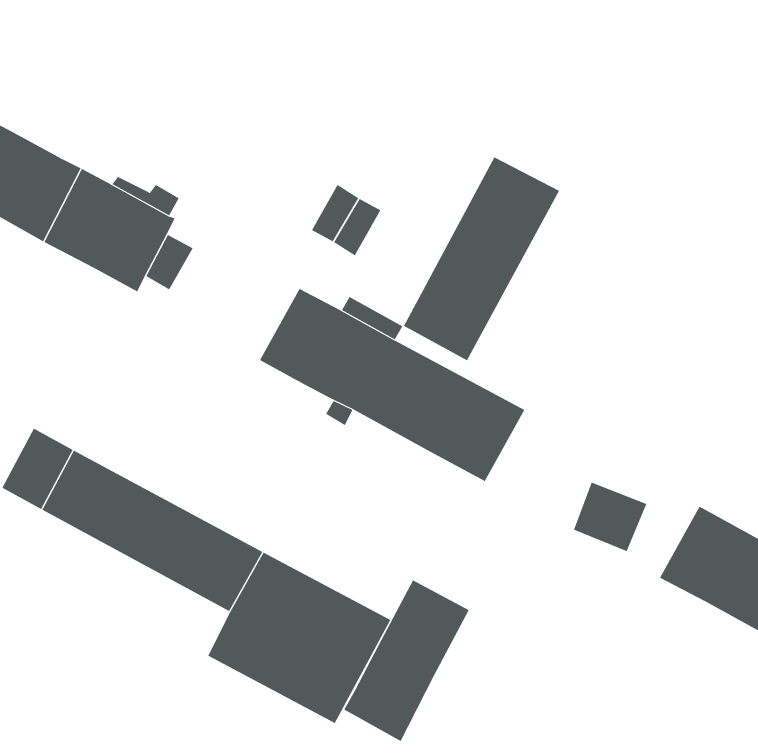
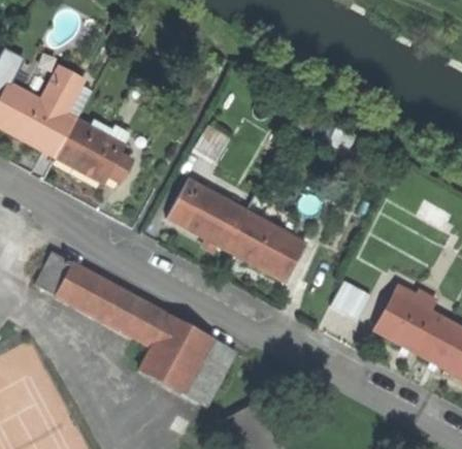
building: none -> [43,68,82,113]
building: [403,156,560,361] -> none
building: [343,579,469,742] -> none

